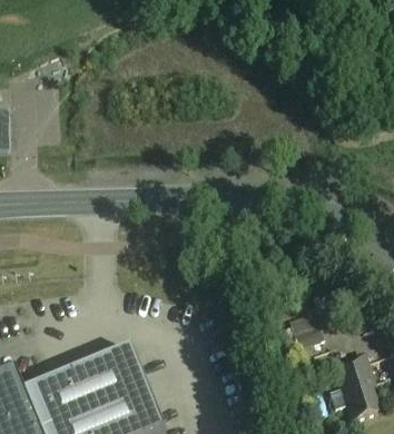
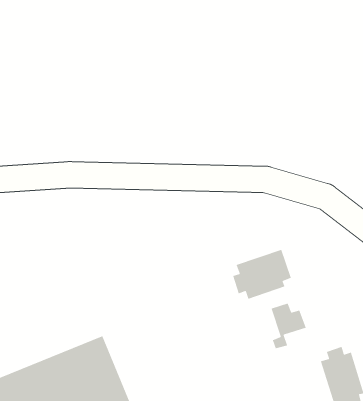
building: none -> [232,249,292,300]

